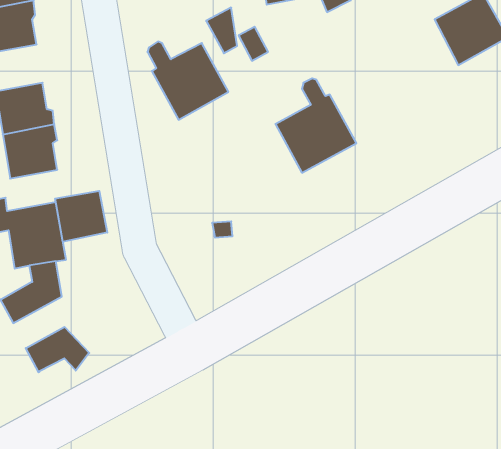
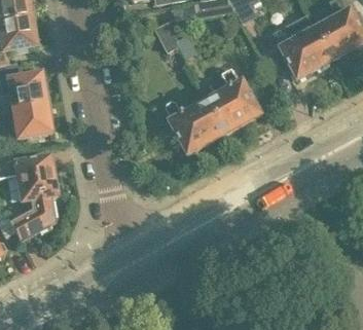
building: none -> [280,26,331,76]
building: [147,42,228,120] -> [166,98,222,152]
building: [55,191,107,242] -> none
building: [26,327,89,372] -> none

